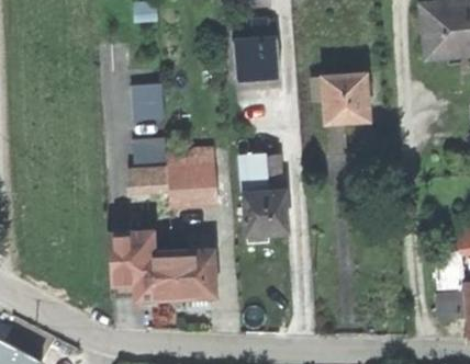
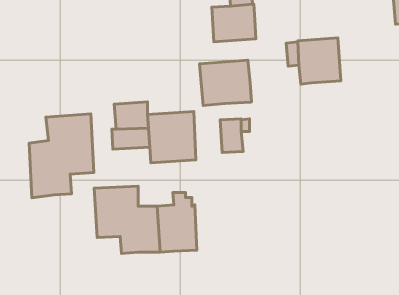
building: [132,83,165,122] -> none
building: none -> [200,60,252,106]
building: none -> [29,114,94,198]
building: [244,191,288,235] -> none

